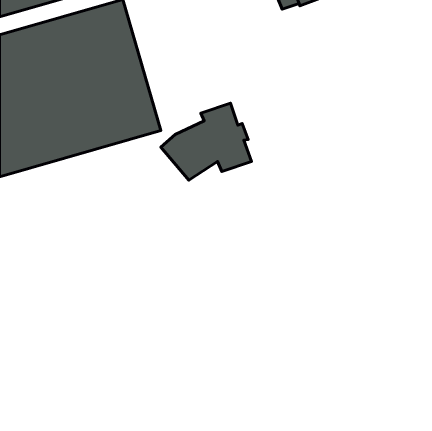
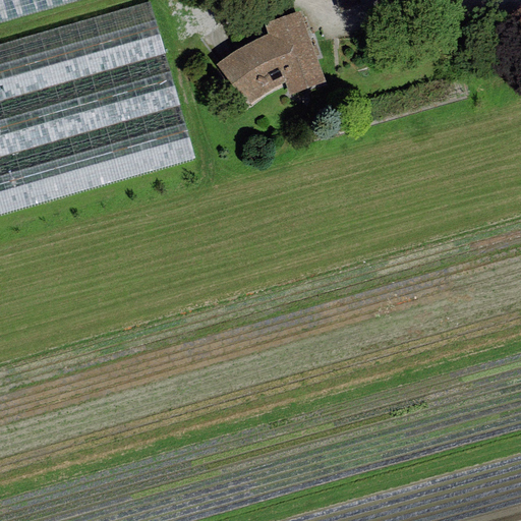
building: [161,103,252,180] -> [216,11,325,104]

